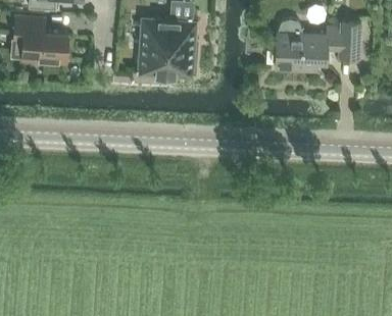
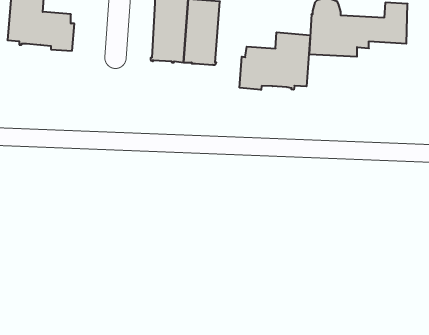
building: none -> [240,32,310,90]

